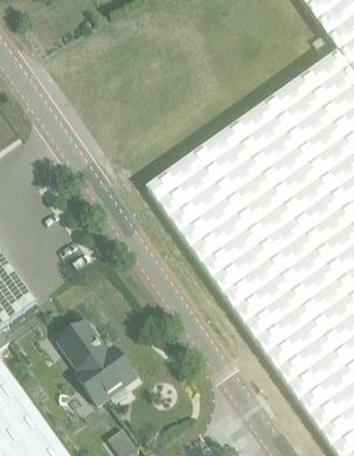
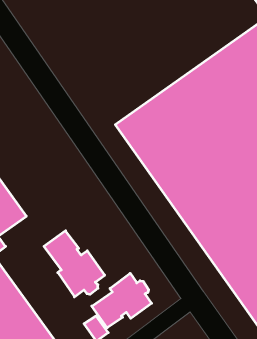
building: none -> [92,273,152,328]

